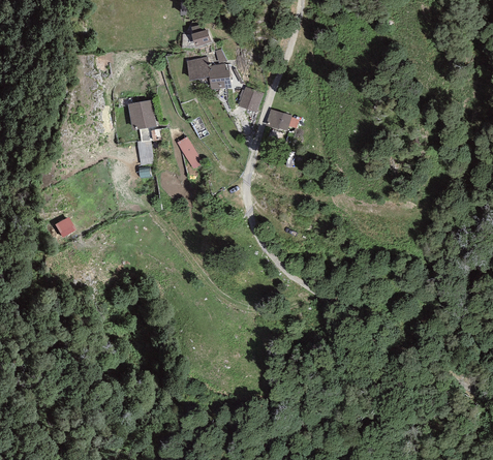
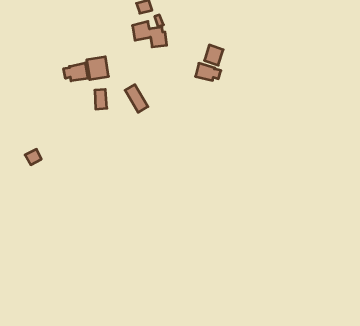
building: [238,86,261,112] -> [204,45,223,65]
building: none -> [64,63,88,81]

